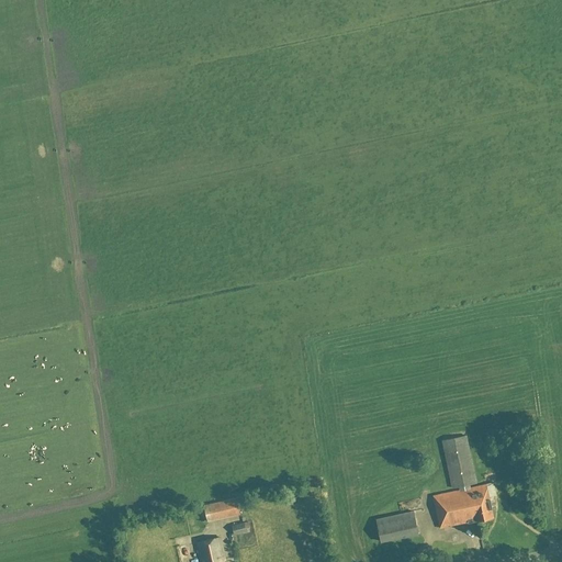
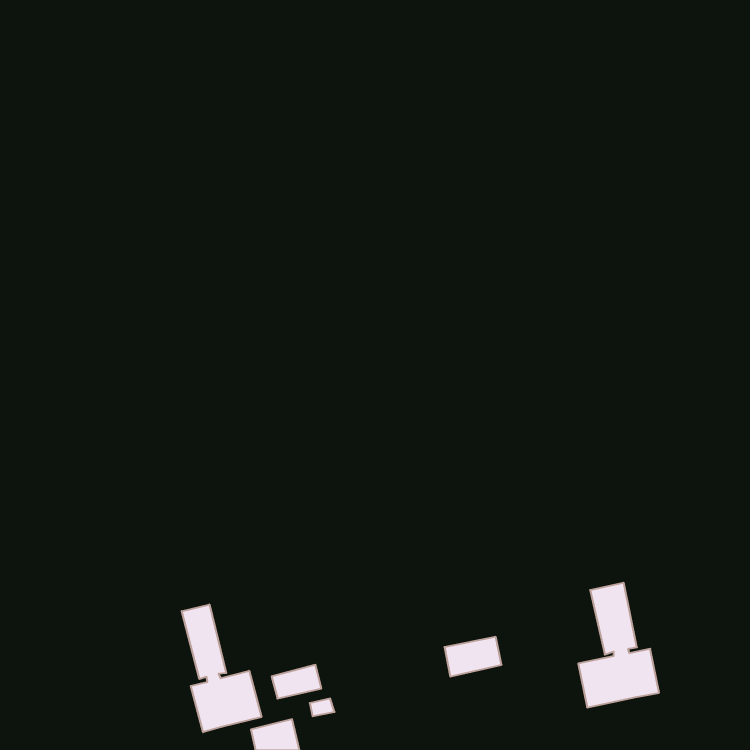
building: none -> [182,604,261,732]
building: [375,513,418,542] -> [444,637,502,677]

